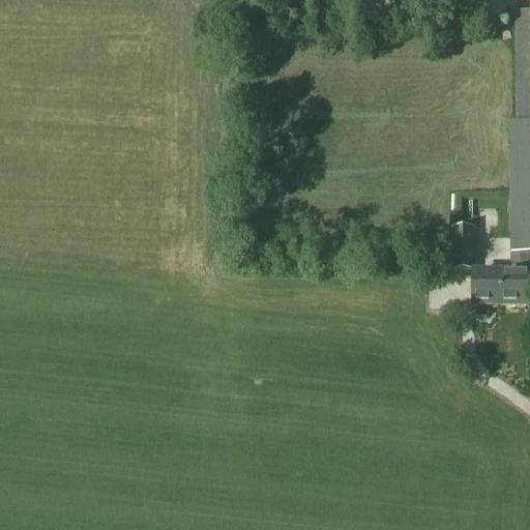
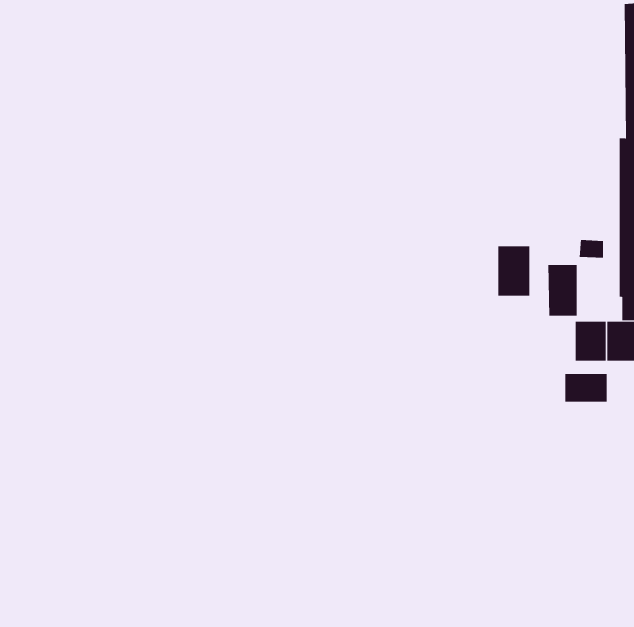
building: none -> [498,246,530,297]
building: none -> [565,373,607,402]

